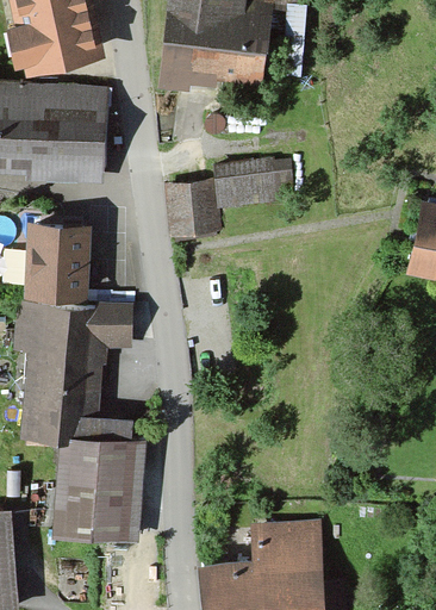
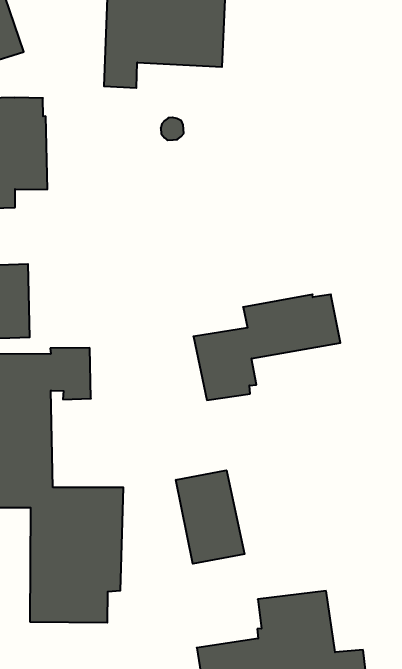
building: [169,157,293,239] -> [193,294,340,400]
building: none -> [176,470,245,564]

